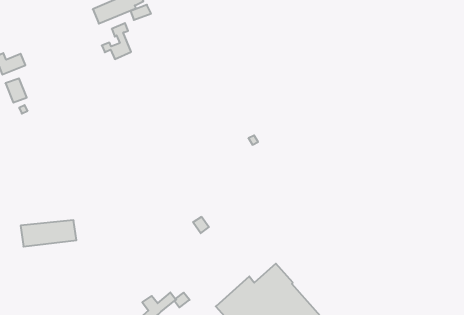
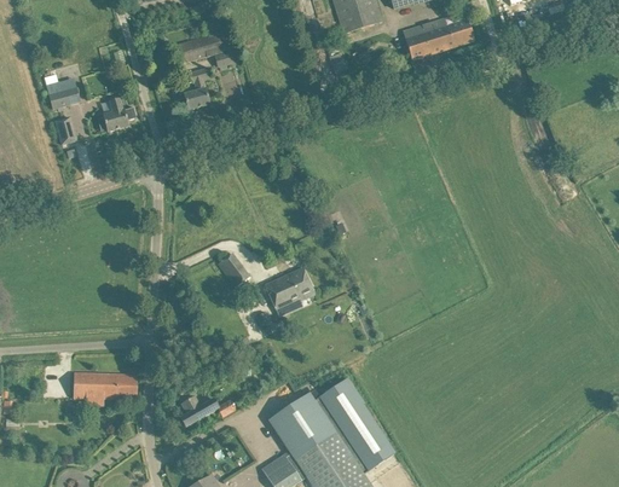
building: none -> [102,97,135,131]
building: none -> [216,253,249,286]
building: none -> [264,267,313,309]
building: [21,220,76,247] -> [73,372,137,399]

